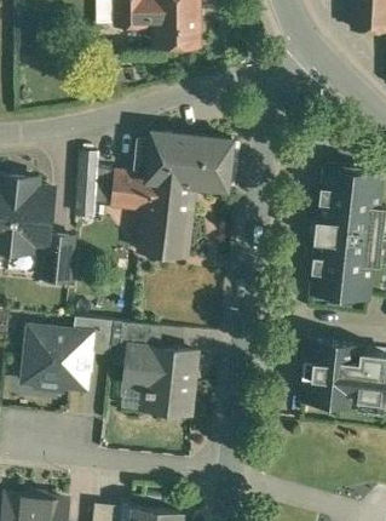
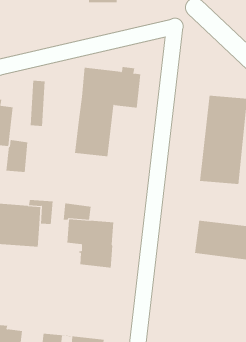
building: [110,172,148,211] -> none

